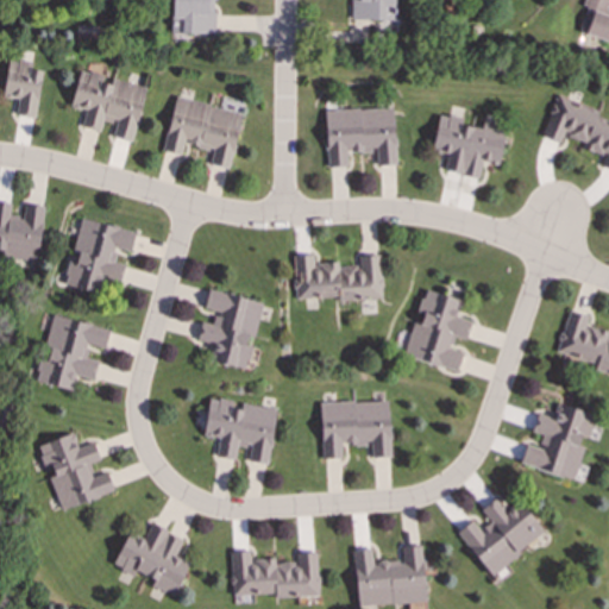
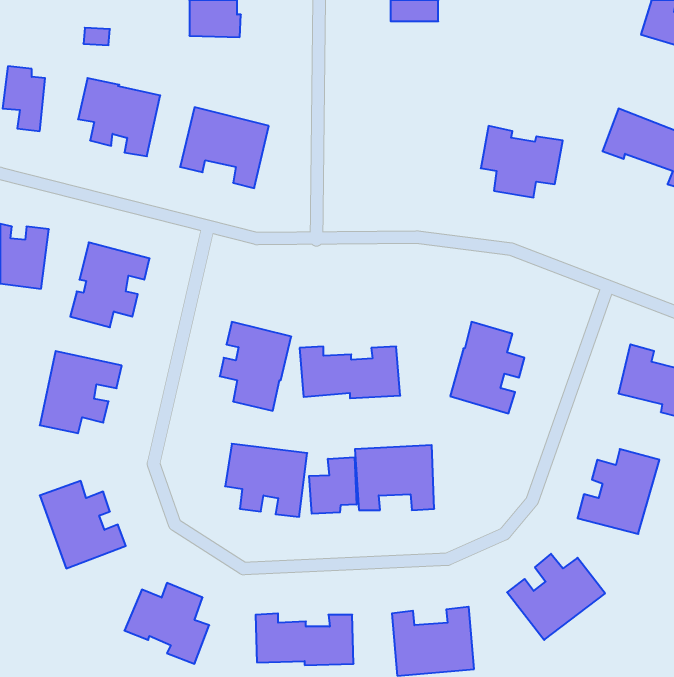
building: [327,107,397,167] -> none
building: [294,255,384,301] -> [300,347,400,398]
building: none -> [309,457,356,514]

